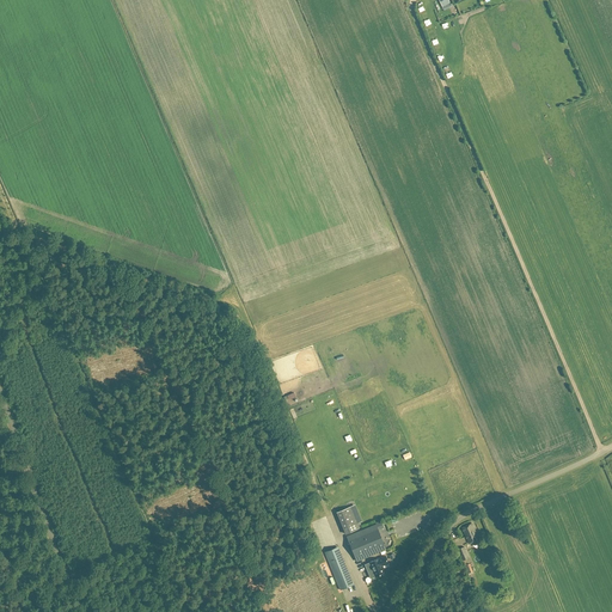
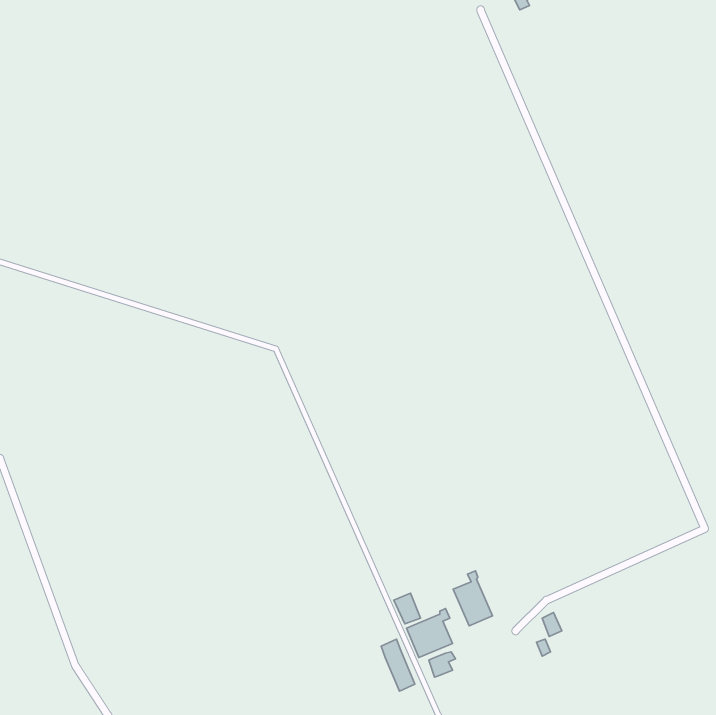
building: none -> [453,571,493,626]

